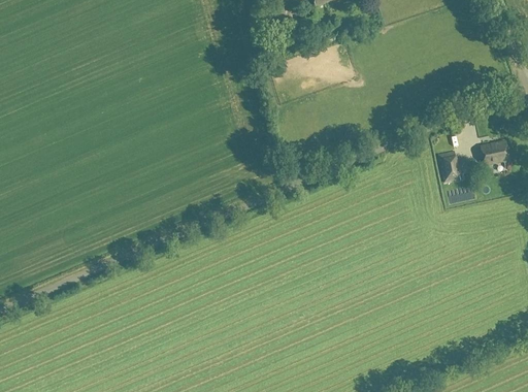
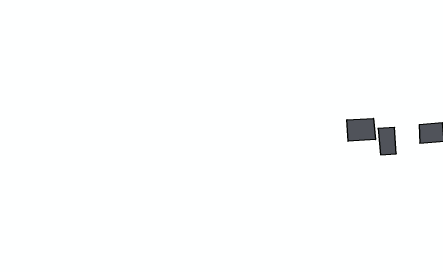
building: none -> [347,118,375,141]

